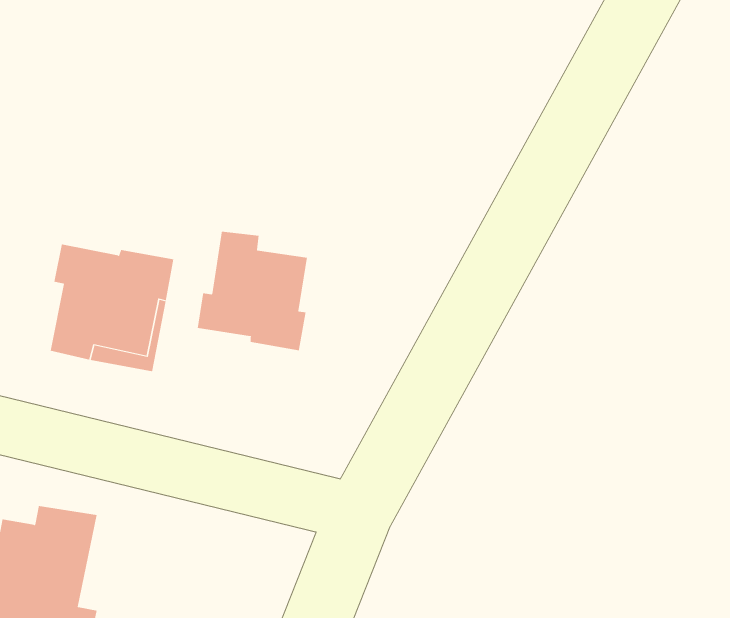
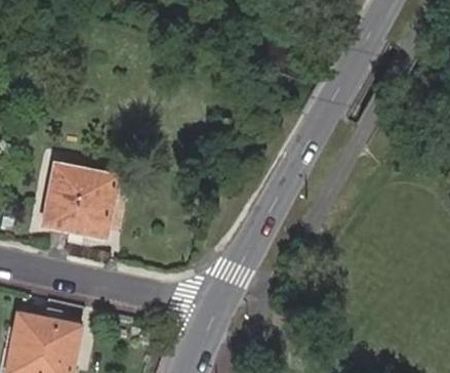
building: [197,231,307,351] -> none

